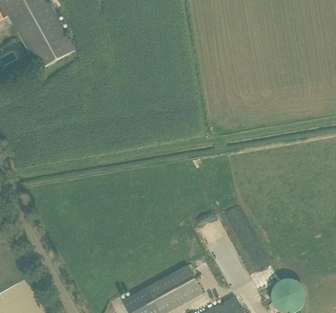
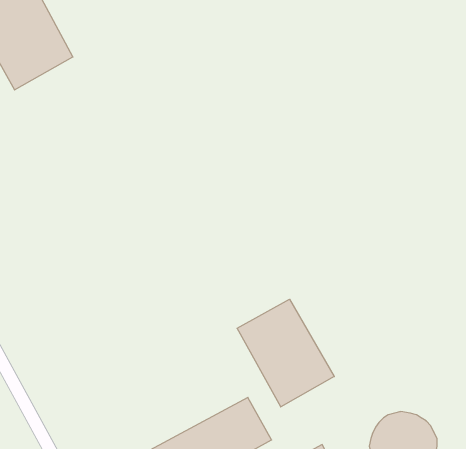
building: none -> [237,299,334,407]

